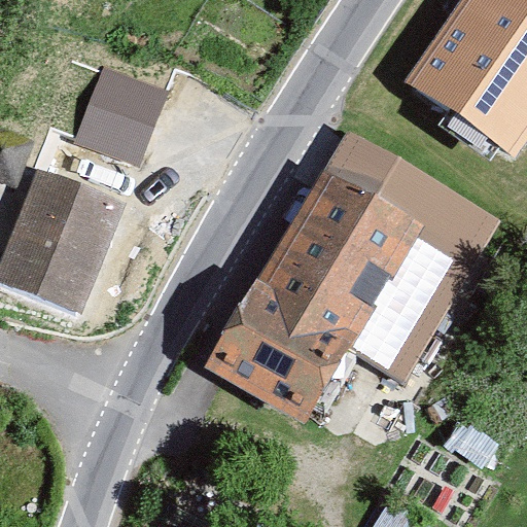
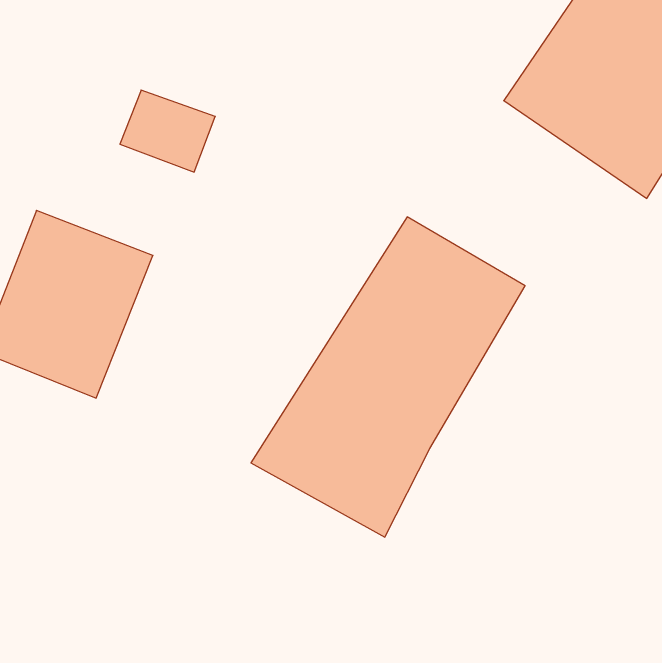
building: [325,132,500,387] -> none

